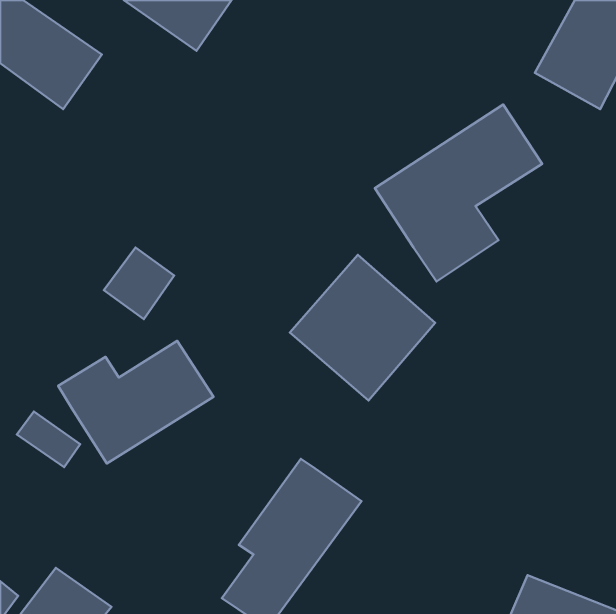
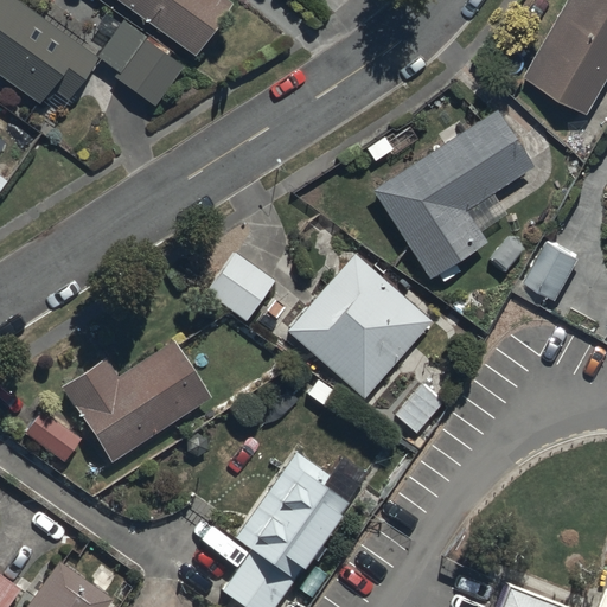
building: none -> [114,36,189,109]
building: none -> [523,234,582,299]
building: [104,248,174,319] -> [206,250,275,320]

